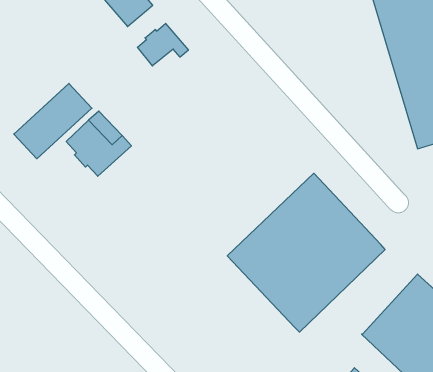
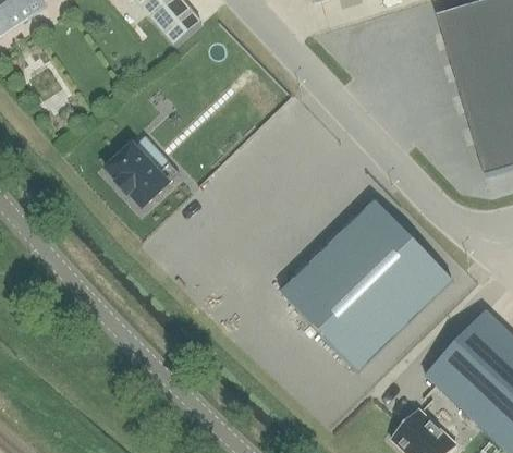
building: [137,23,188,66] -> none
building: [14,83,92,159] -> none

